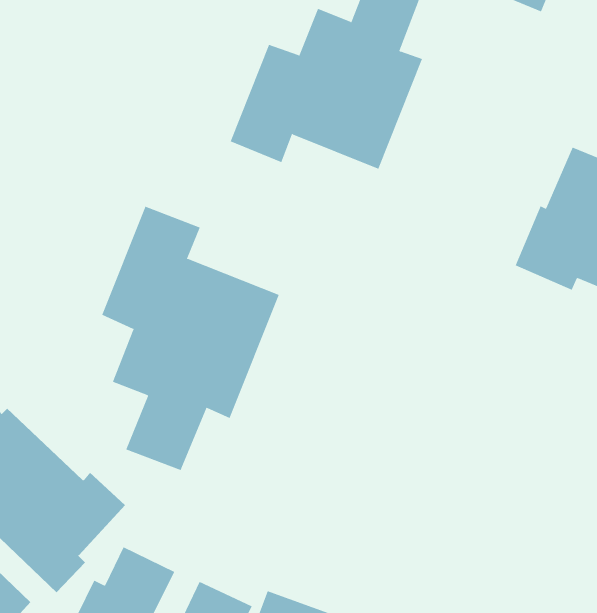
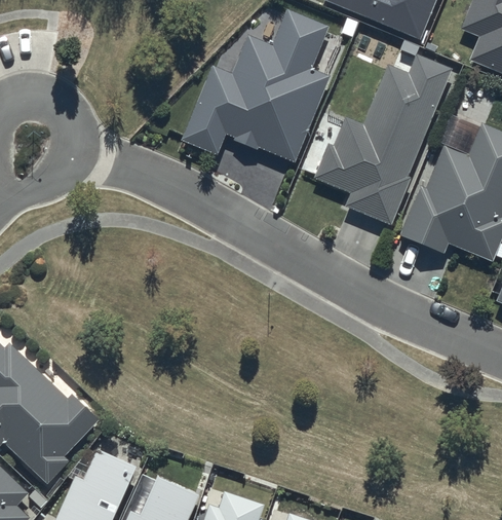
building: none -> [313,68,445,224]
building: [102,206,280,471] -> none

